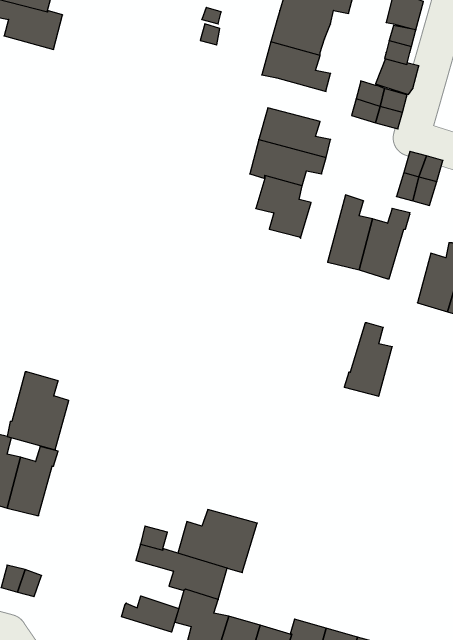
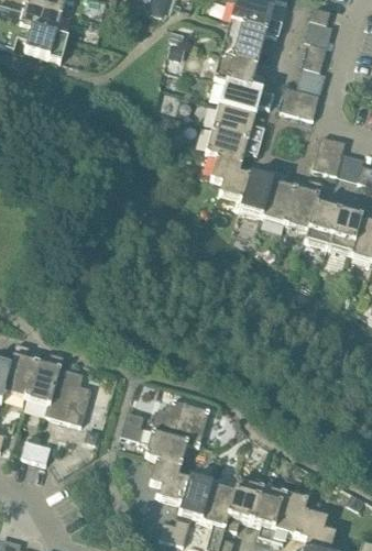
building: none -> [218,82,273,114]
building: none -> [238,165,275,218]
building: [344,323,392,396] -> [303,194,338,247]
building: [7,372,69,450] -> [46,367,91,425]
building: [121,596,179,632] -> none

